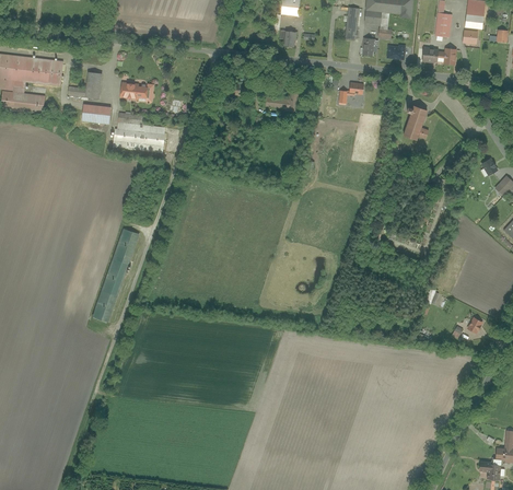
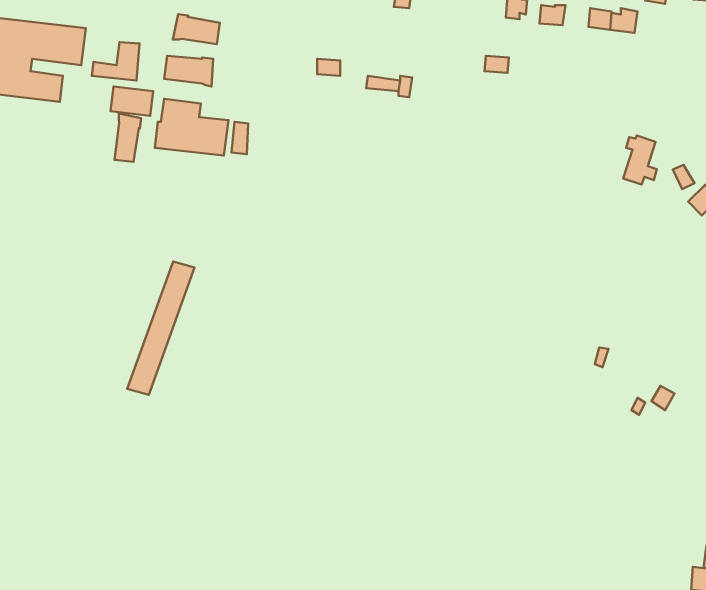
building: none -> [173,14,220,44]
building: [403,106,427,141] -> [623,136,657,185]
building: none -> [115,113,141,162]

